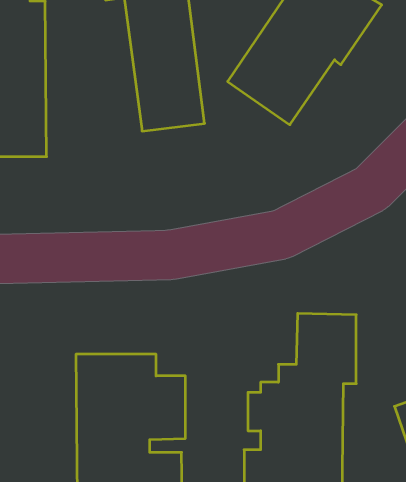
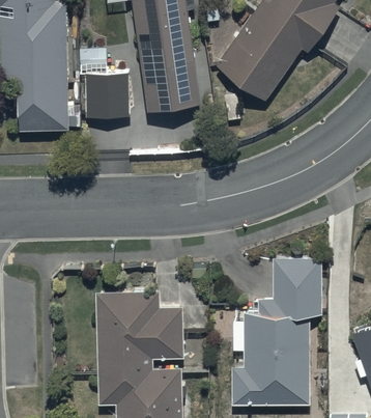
building: none -> [84,73,130,117]

